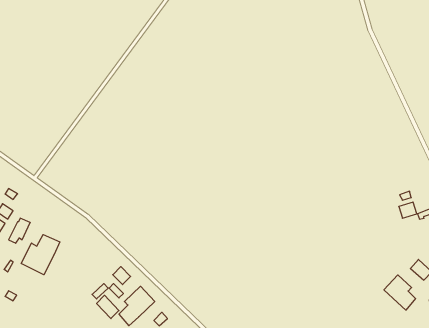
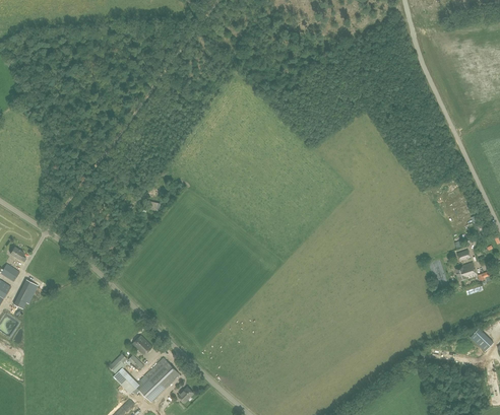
building: [21,235,60,275] -> none
building: [384,275,416,310] -> none

